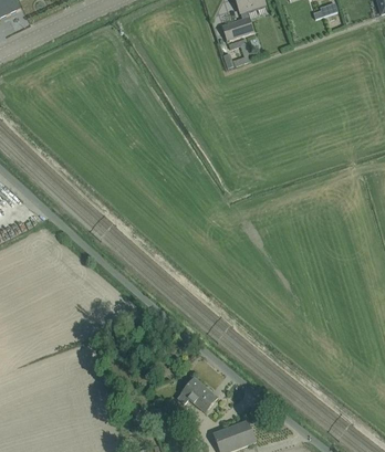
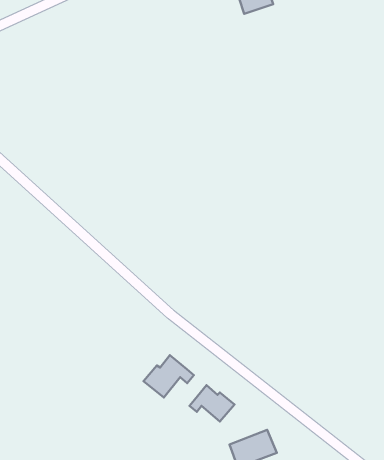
building: none -> [144,355,194,398]

